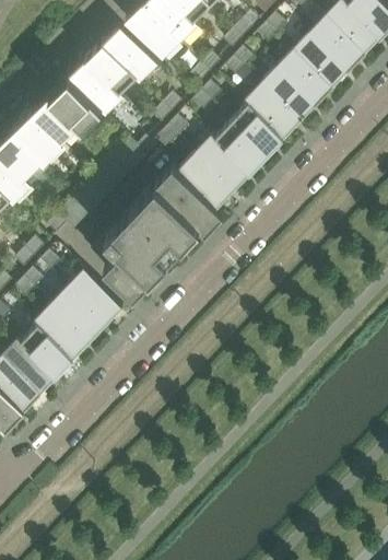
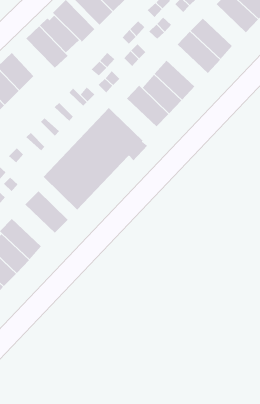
building: [293,33,348,86] -> none
building: [50,77,102,129] -> none
building: [245,84,299,138] -> none
building: [179,153,234,207] -> none
building: [50,288,105,341] -> none

